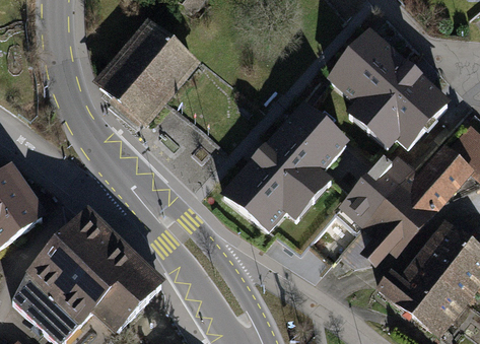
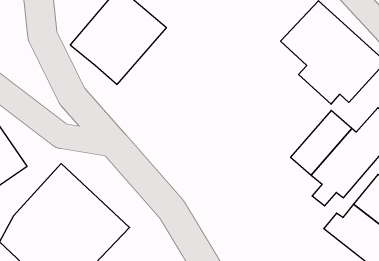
building: [222,99,350,231] -> none

